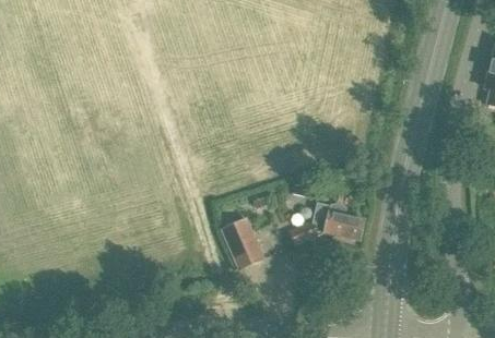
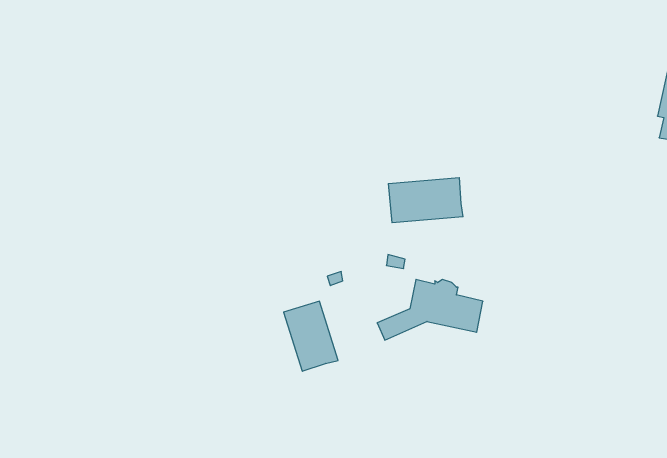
building: none -> [388,178,463,223]

